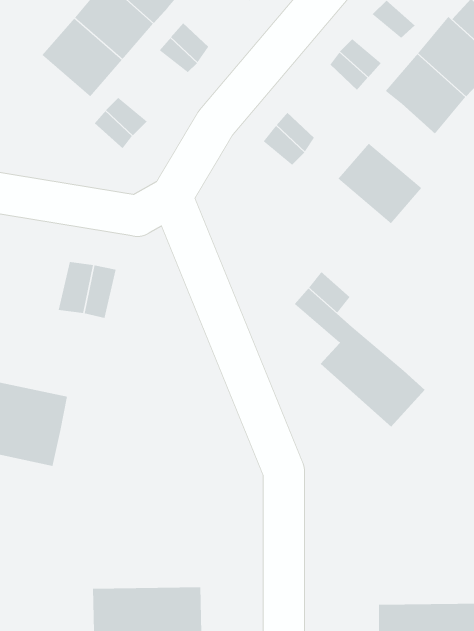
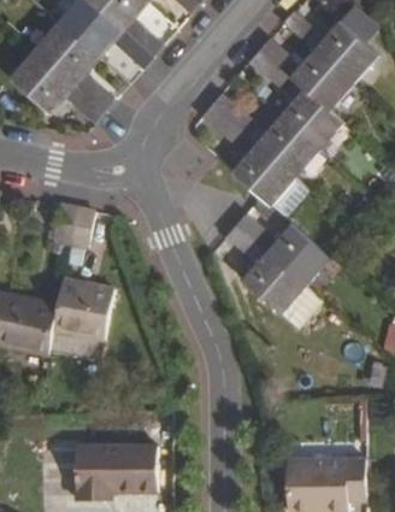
building: none -> [16,52,73,108]
building: none -> [279,88,342,151]
building: none -> [231,143,296,206]
building: none -> [267,225,330,286]
building: none -> [52,279,111,341]

